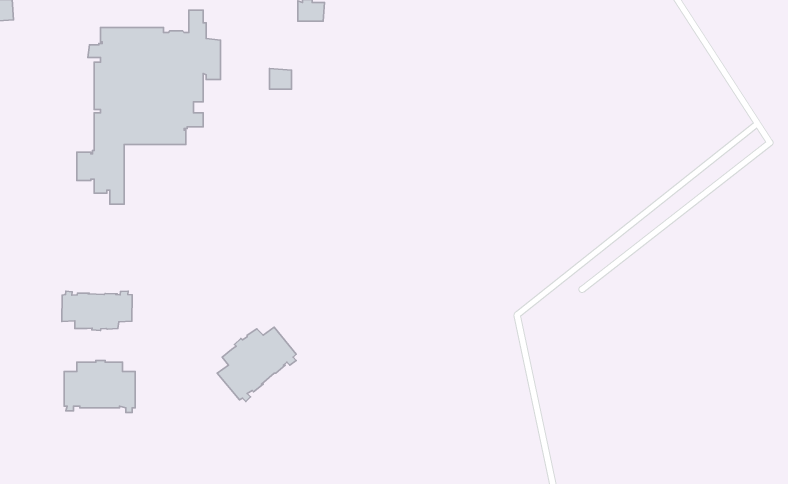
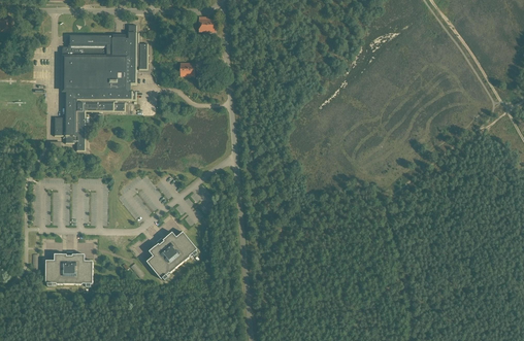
building: [62,291,132,330] -> none

